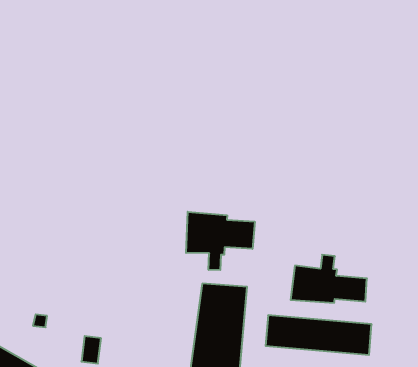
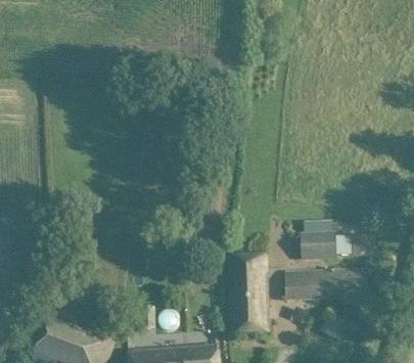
building: [186,212,255,270] -> none

